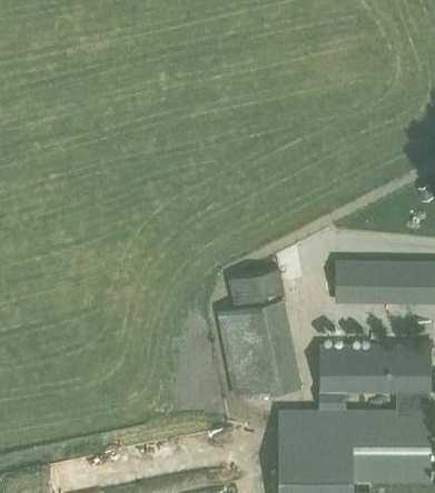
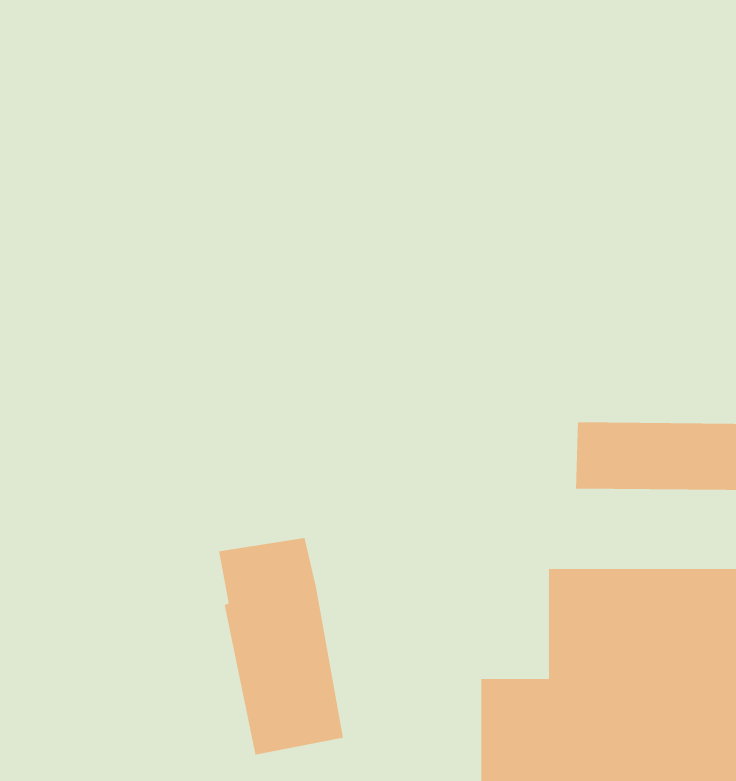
building: [228,271,300,396] -> [218,537,344,756]

